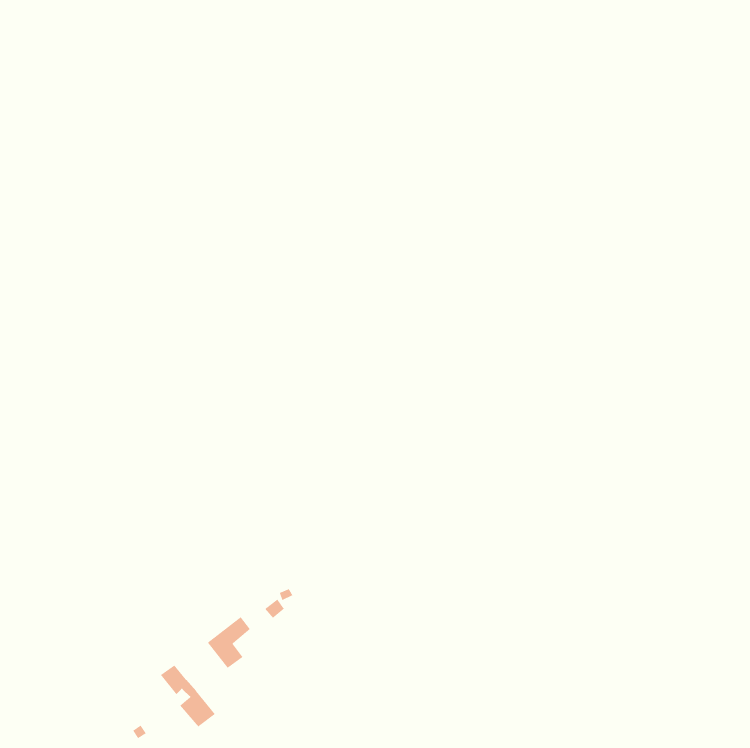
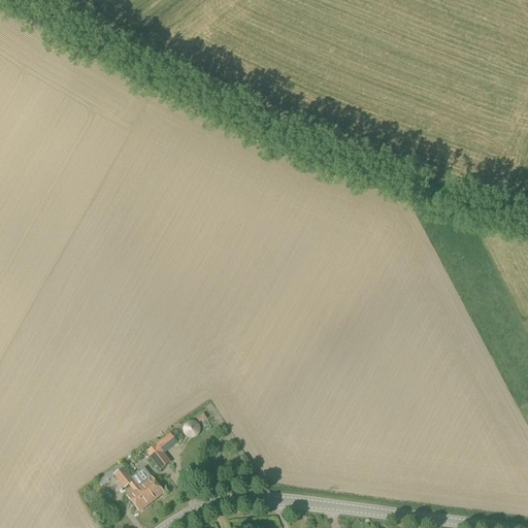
building: none -> [131,468,163,502]

